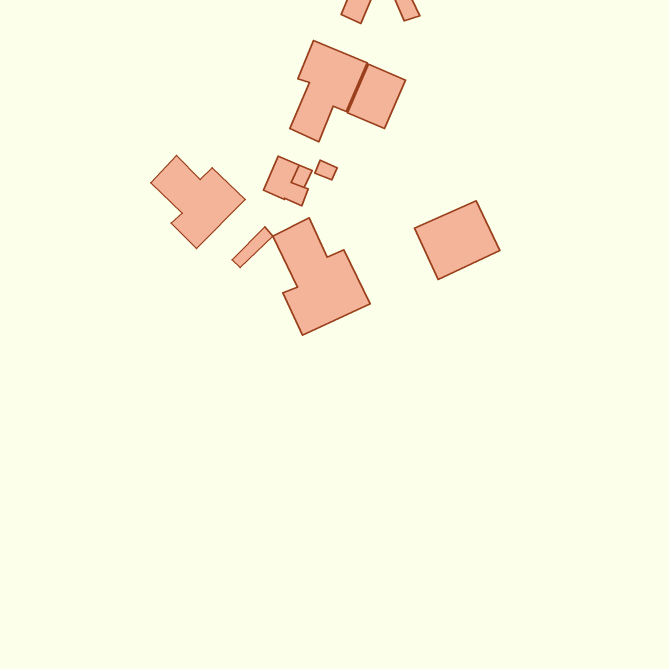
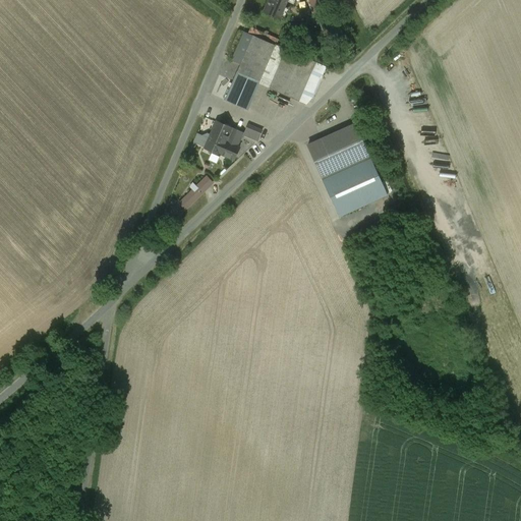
building: [151,156,245,248] -> none
building: none -> [307,123,369,177]
building: [273,218,370,335] -> none

